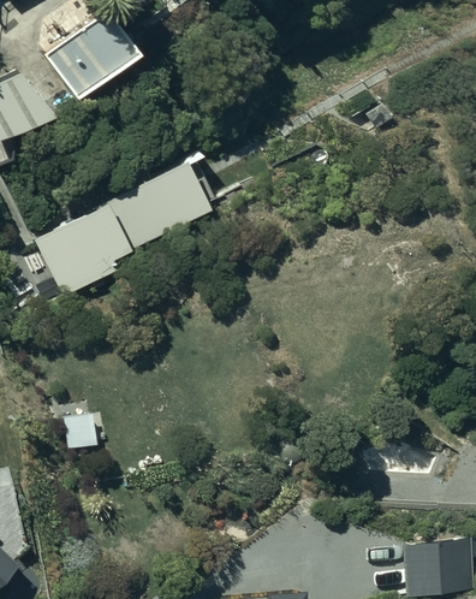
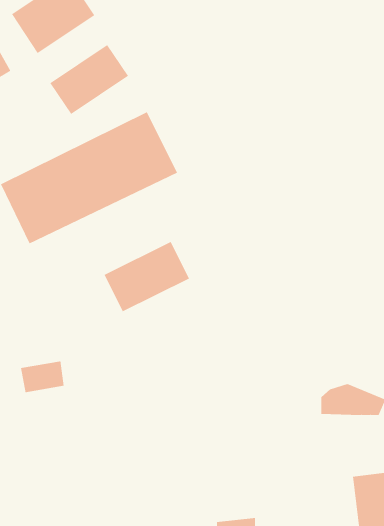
building: none -> [49,44,129,115]
building: none -> [104,241,190,312]

